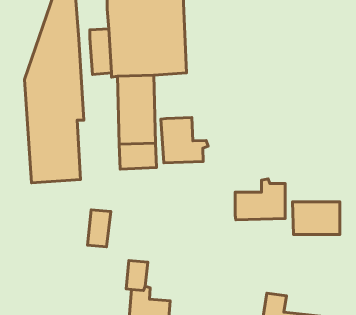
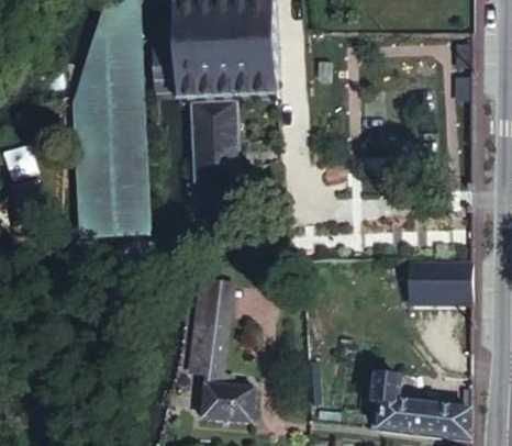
building: [161,117,208,163] -> none
building: [235,179,285,220] -> none
building: [88,210,111,247] -> [204,291,234,338]

